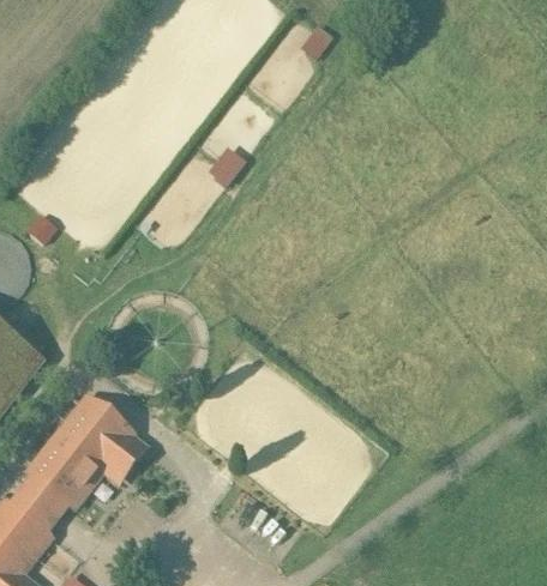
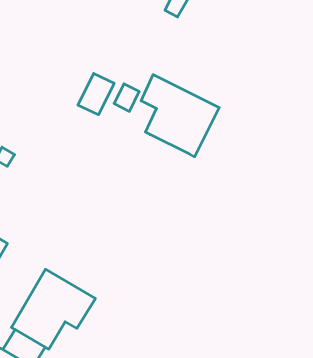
building: none -> [78,73,114,115]
building: none -> [141,75,219,157]

